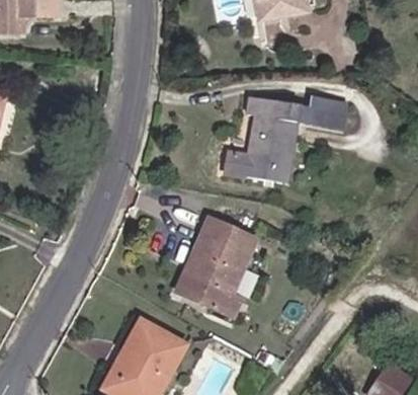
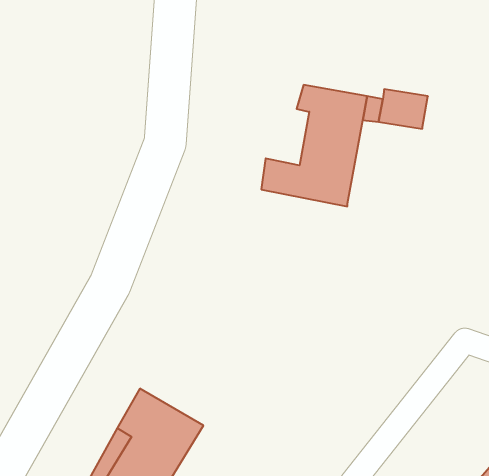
building: [172,217,255,320] -> none

